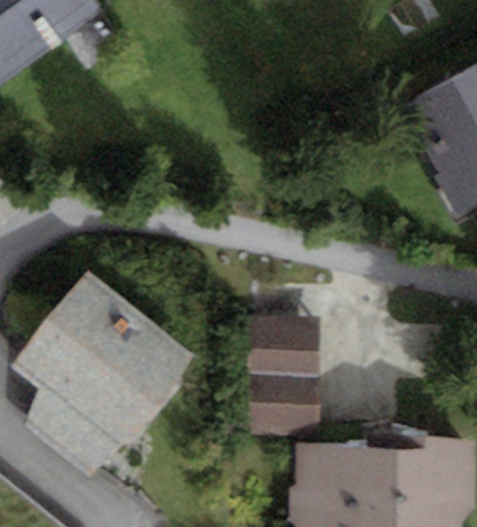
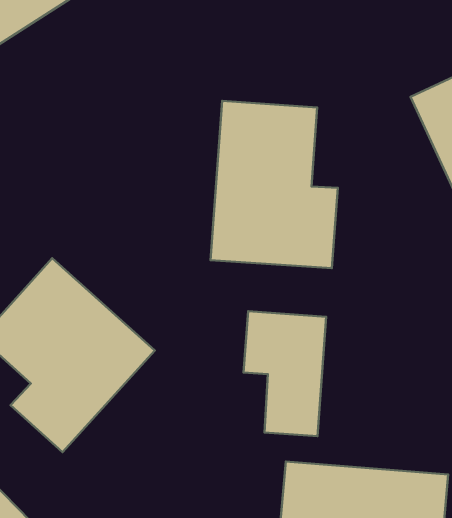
building: none -> [211,101,338,268]

